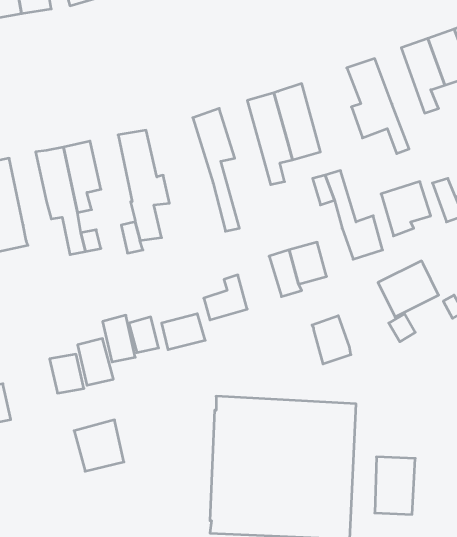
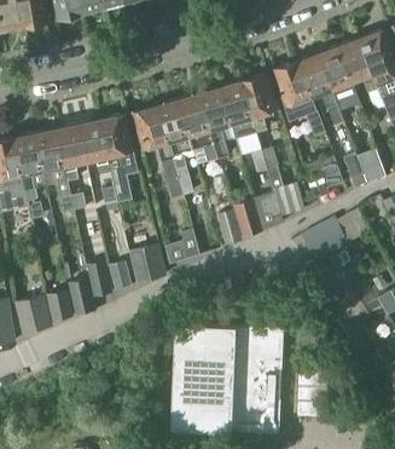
building: none -> [298,52,343,125]
building: none -> [242,74,274,133]
building: none -> [178,93,217,162]
building: none -> [136,107,182,197]
building: none -> [77,120,110,173]
building: none -> [14,133,47,202]
building: [312,316,351,364] -> [252,192,283,230]
building: [74,420,124,471] -> [13,294,52,334]

